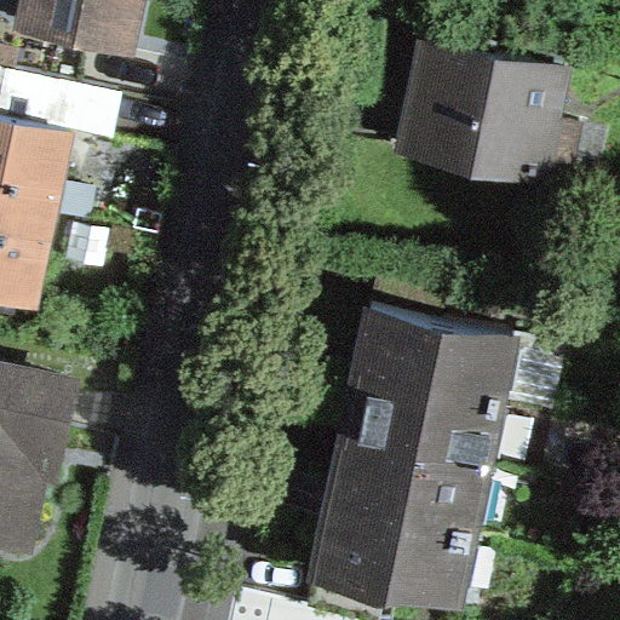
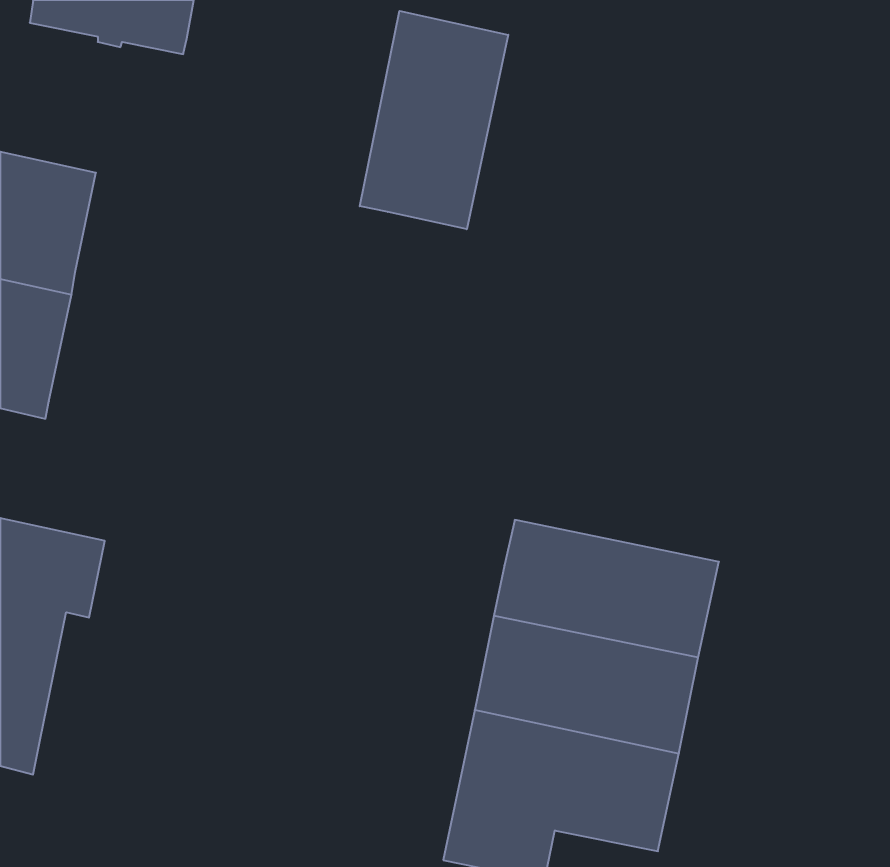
building: none -> [360,11,508,229]
building: [403,46,567,183] -> none
building: [358,275,515,407] -> none

